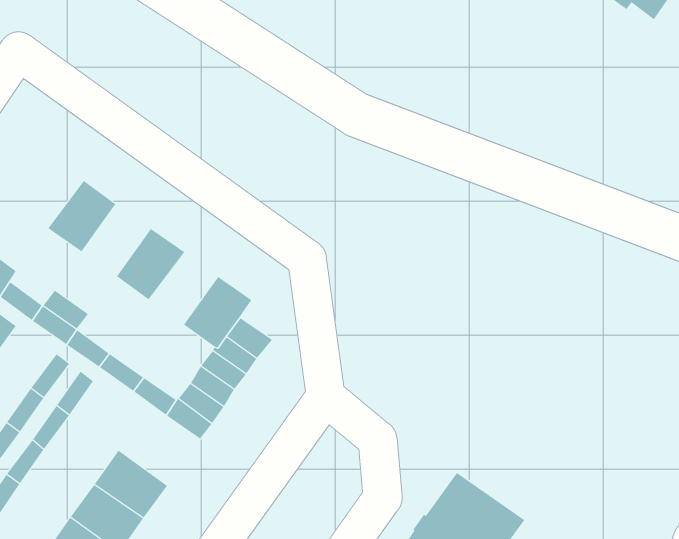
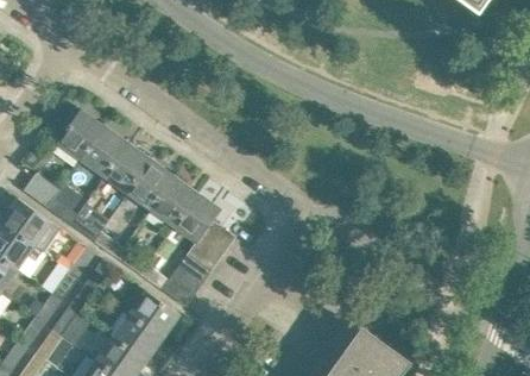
building: none -> [56,107,103,159]
building: none -> [102,143,150,193]
building: none -> [149,176,196,226]
building: none -> [121,284,178,338]

